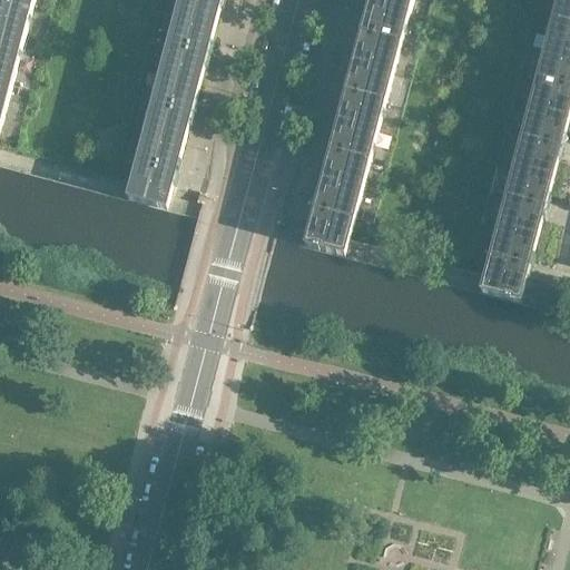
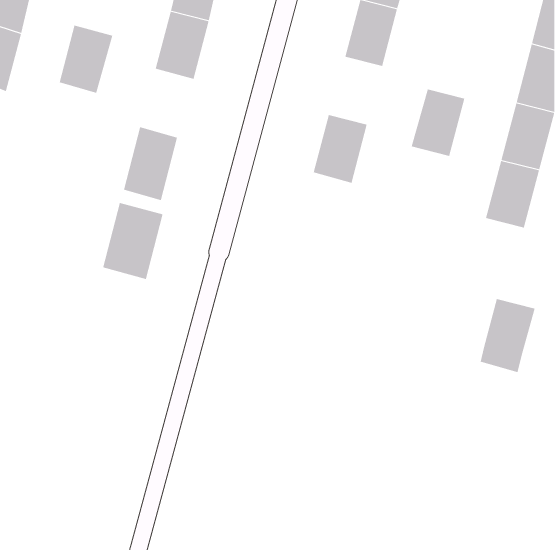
building: [335,58,391,127] -> [411,89,465,156]
building: [142,70,198,140] -> [59,25,113,93]
building: [303,176,360,252] -> none
building: none -> [102,202,163,280]
building: [479,223,535,298] -> [480,299,536,373]

